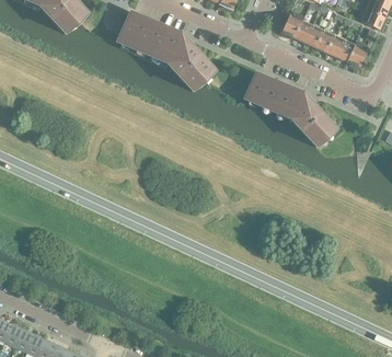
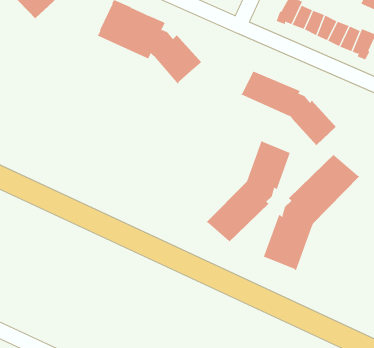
building: none -> [206,140,291,244]
building: none -> [263,152,360,271]

